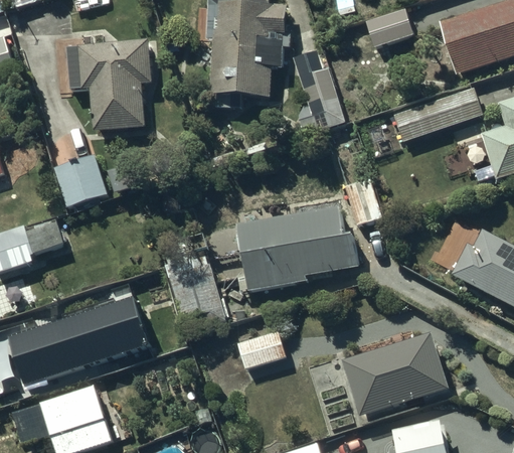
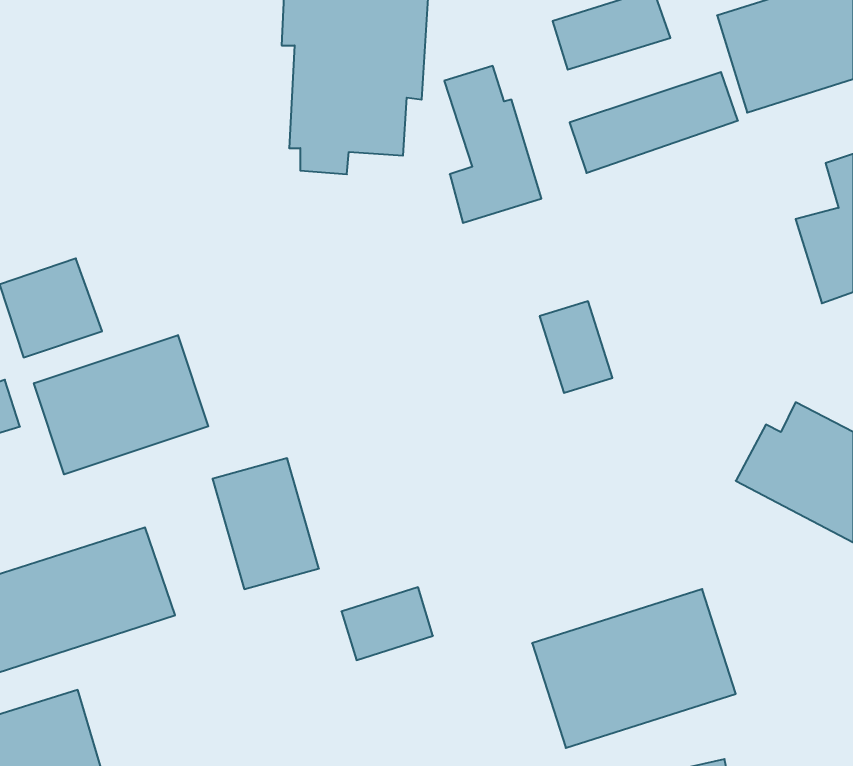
building: [78,41,150,130] -> none
building: [393,88,484,142] -> [570,72,738,173]
building: none -> [34,335,208,474]
building: [235,207,357,291] -> none

